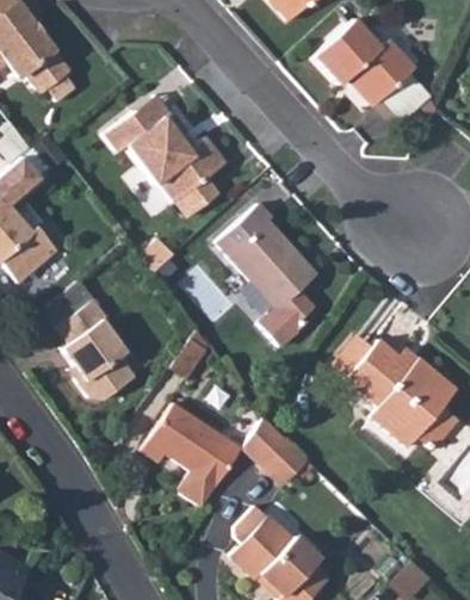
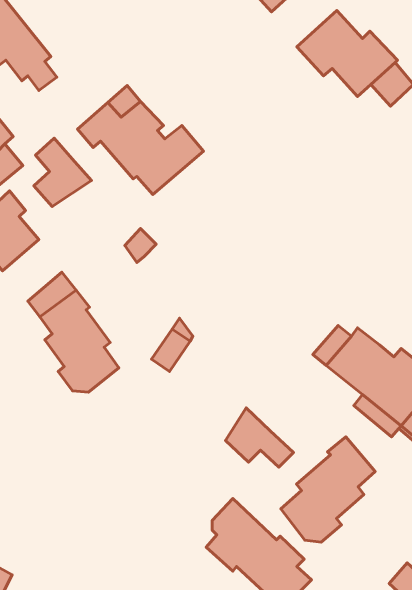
building: none -> [34,138,92,207]
building: [215,198,315,342] -> none
building: [141,403,242,509] -> none
building: none -> [281,437,375,542]

